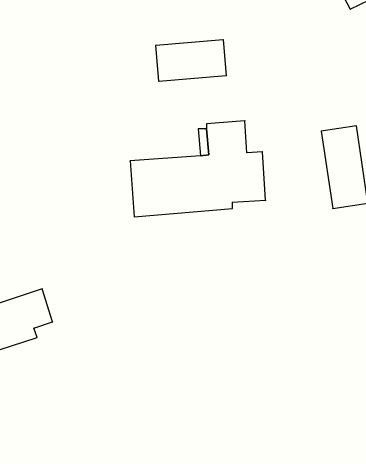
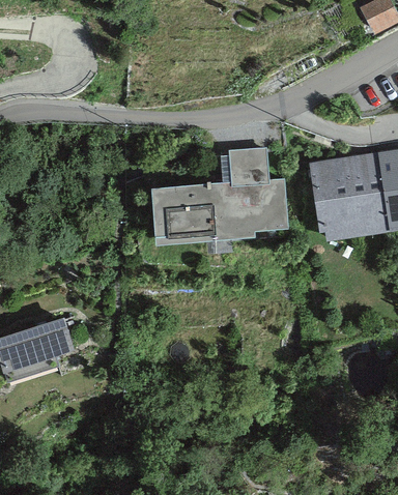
building: [156,40,226,81] -> none
building: none -> [309,157,356,239]

